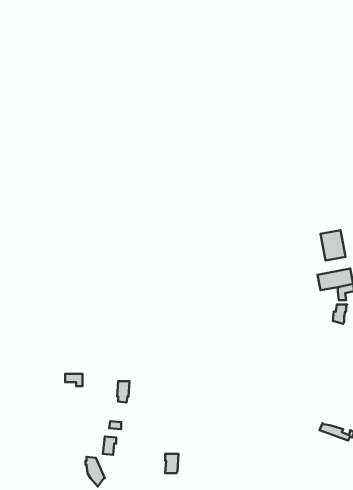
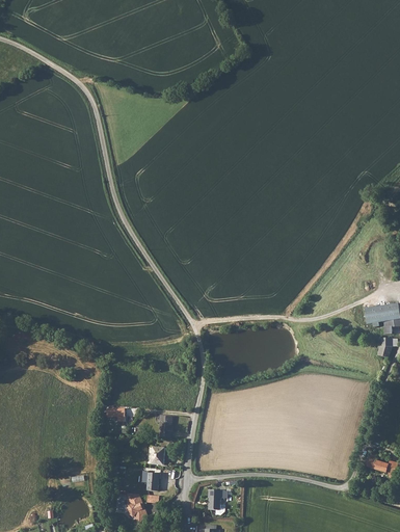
building: [320,230,345,260] -> none

